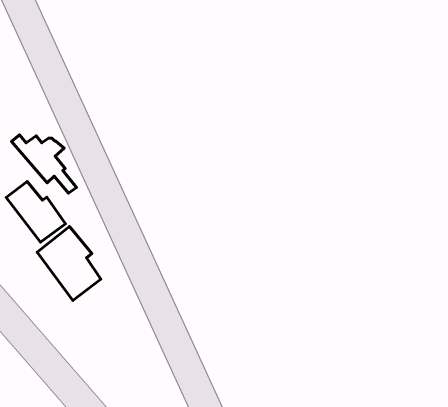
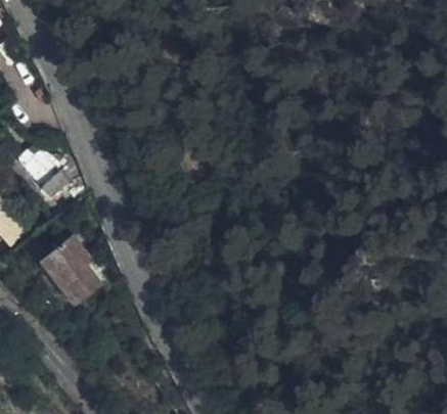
building: [6,182,66,242] -> none

